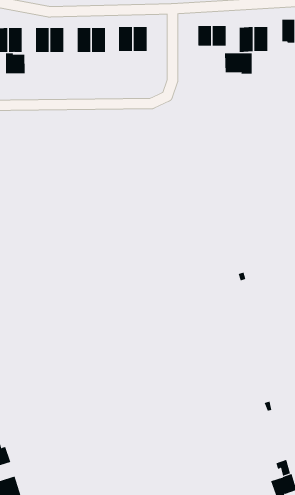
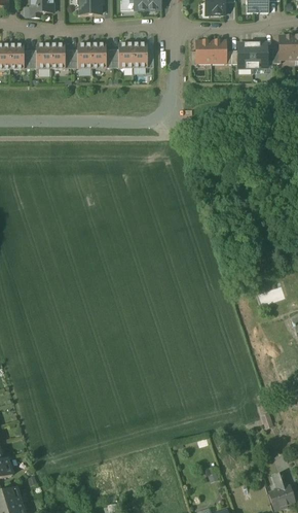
building: [225,52,252,74] -> none
building: [5,52,25,74] -> none

